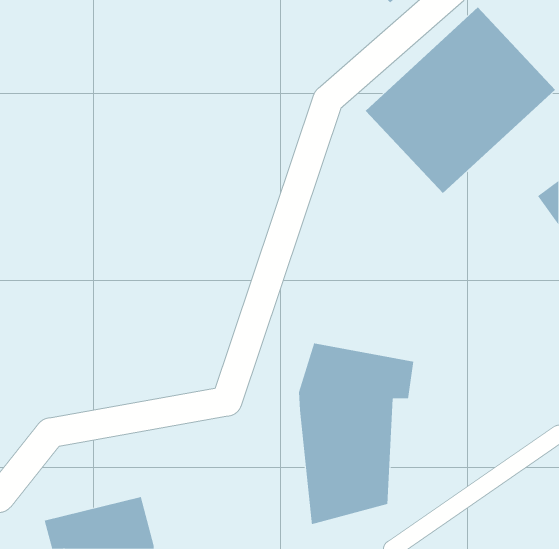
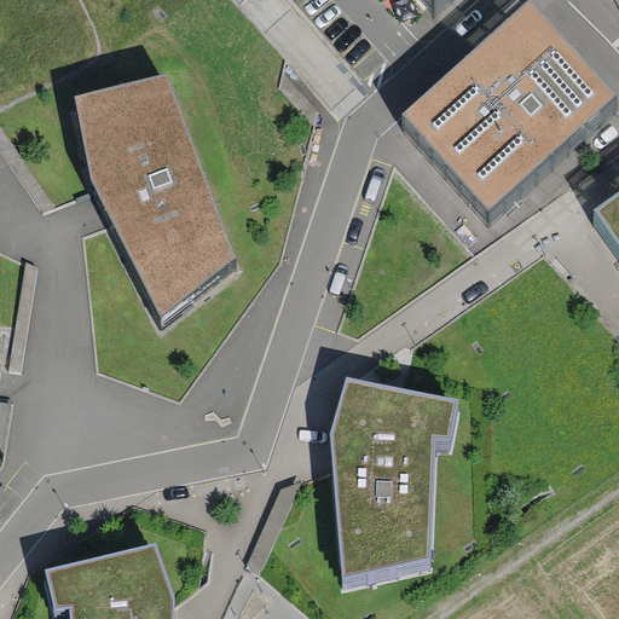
building: none -> [77,69,236,314]

